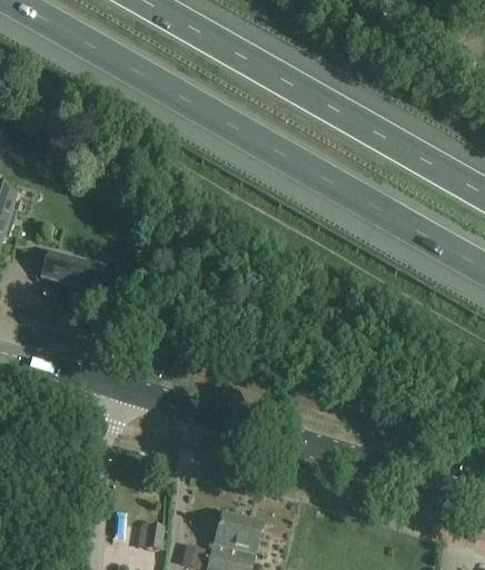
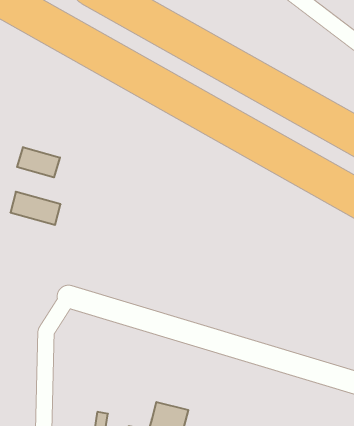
building: none -> [17,147,60,177]

